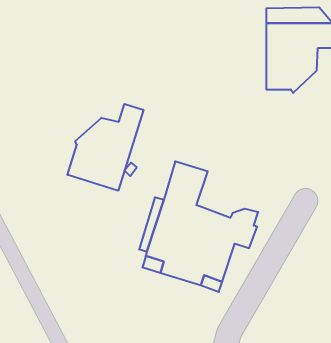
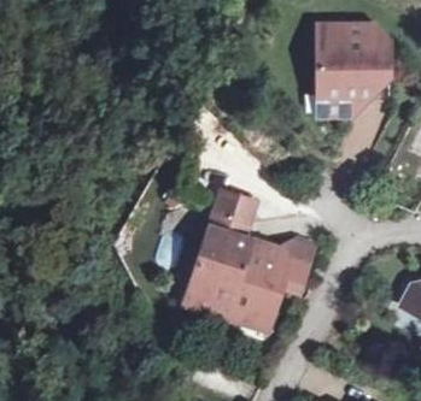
building: [67,104,143,191] -> none

